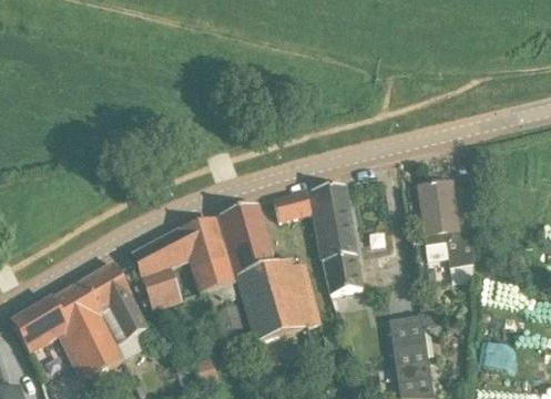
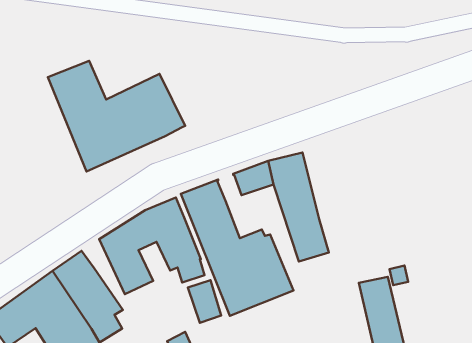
building: none -> [48,61,185,171]
building: [417,177,473,265] -> none

